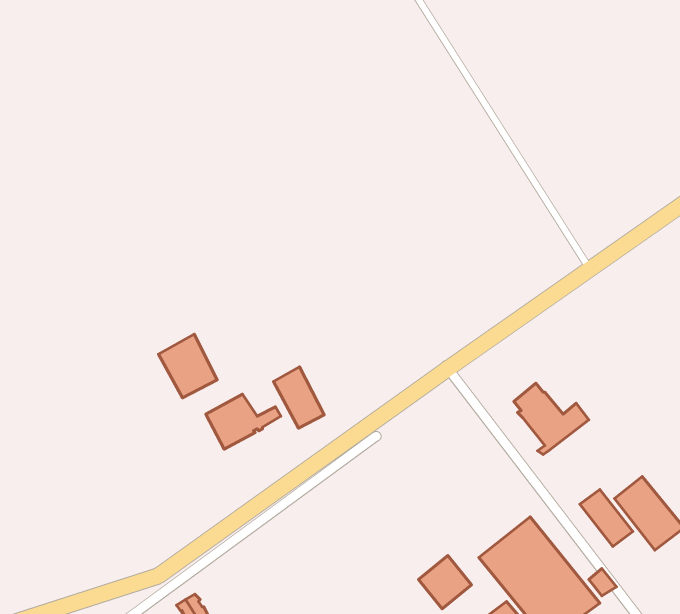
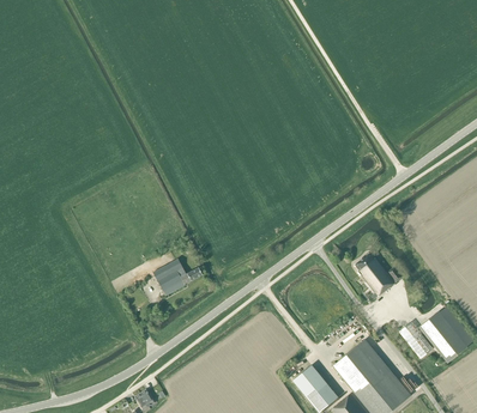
building: [159,334,217,398] -> none
building: [273,367,324,428] -> none

